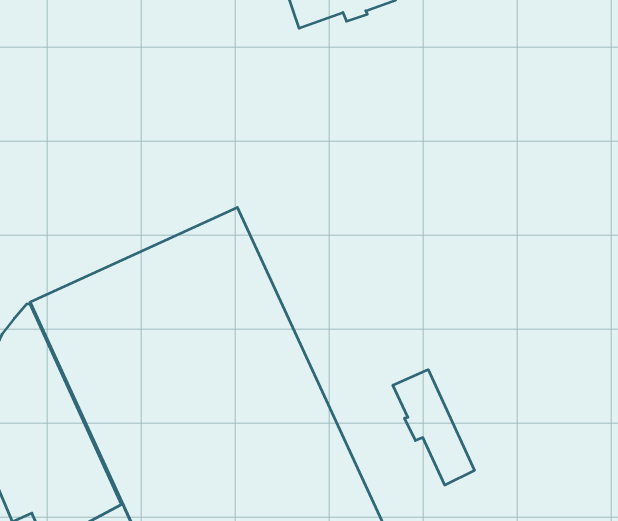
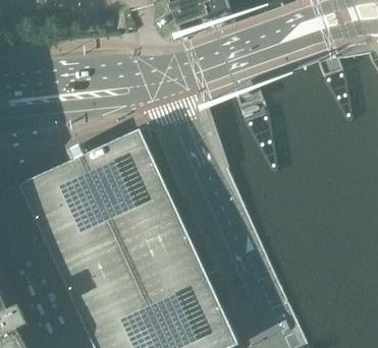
building: [393,370,474,485] -> none

